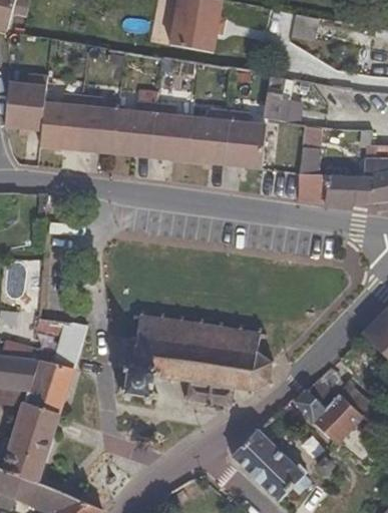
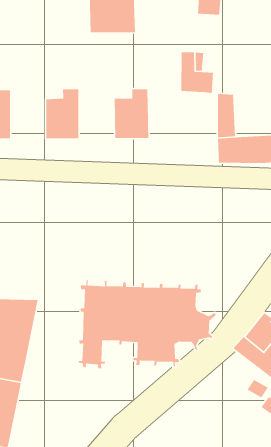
building: [78,97,120,154] -> none
building: [151,104,193,162] -> none
building: [227,112,268,169] -> none
building: [232,431,312,502] -> none

